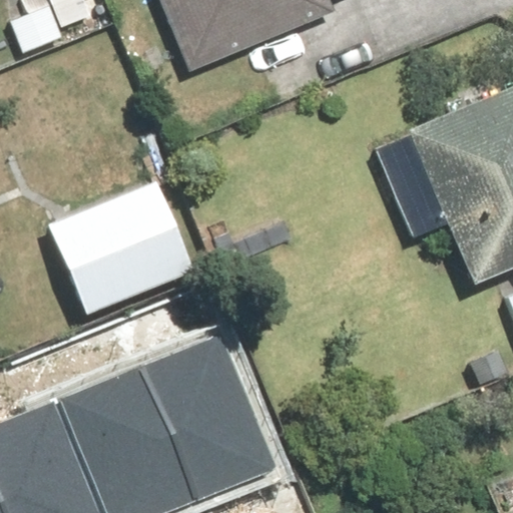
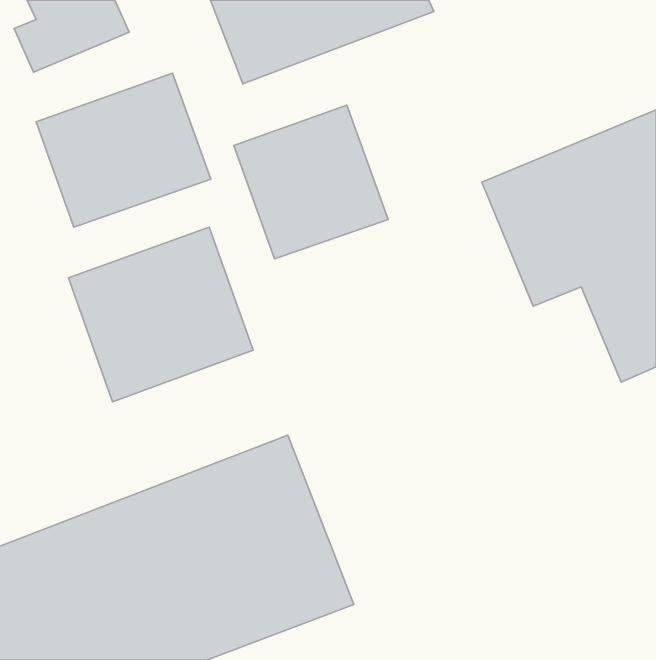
building: none -> [36,73,211,227]
building: none -> [234,105,388,259]

